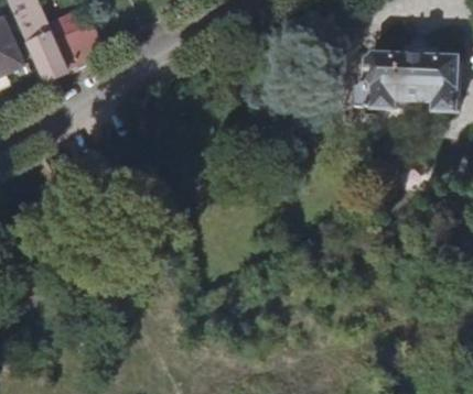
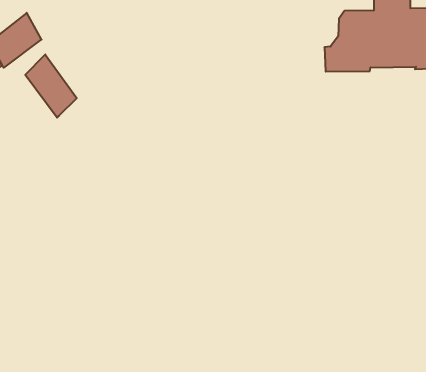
building: none -> [25,54,77,118]

